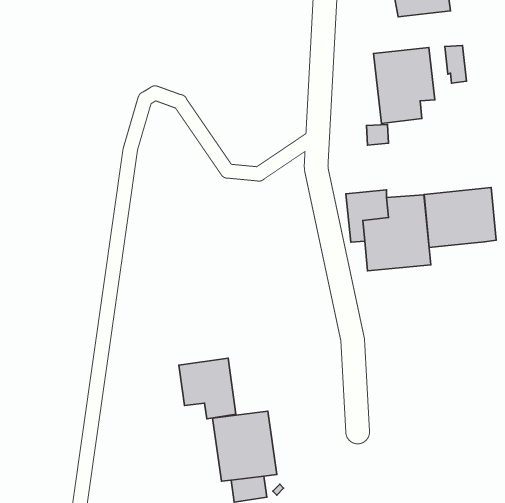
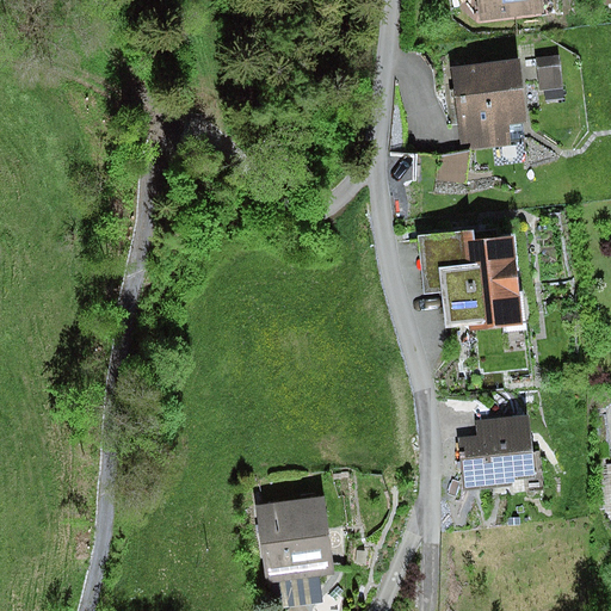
building: [424,187,496,247] -> none
building: none -> [458,414,535,489]
building: [179,358,236,419] -> none

